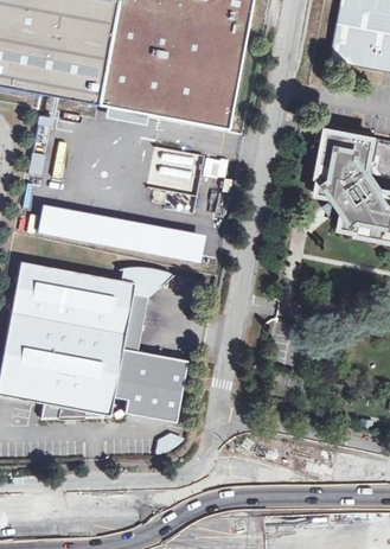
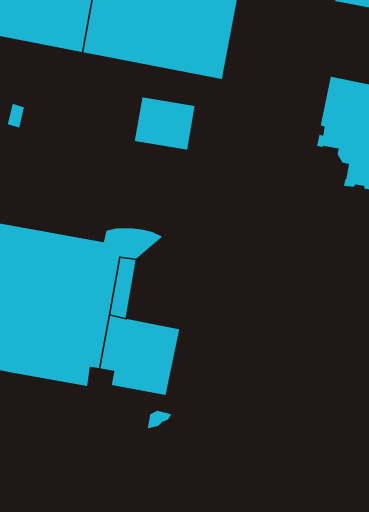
building: [34,205,204,264] -> none

